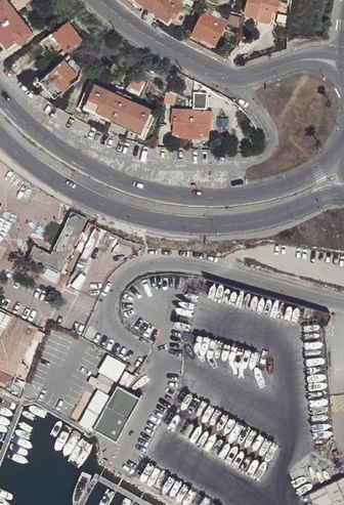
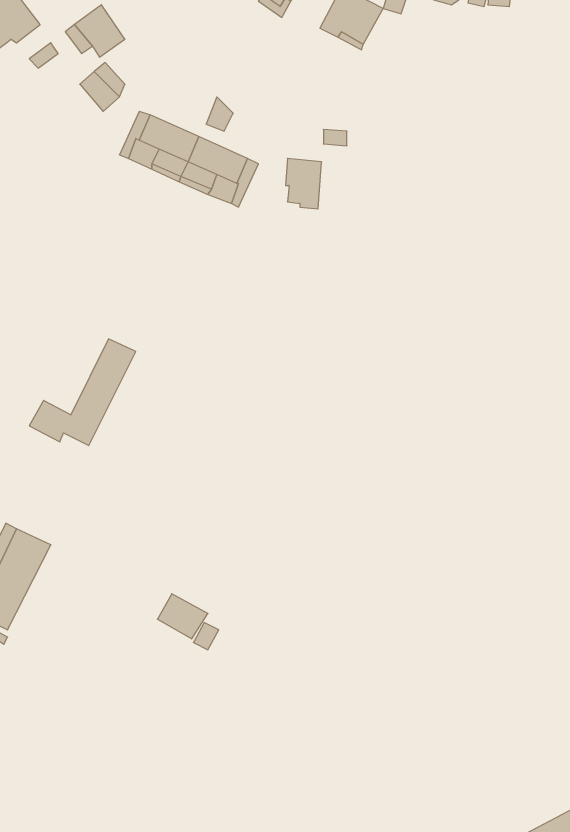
building: [39,67,71,97] -> none
building: [189,111,211,138] -> none
building: [92,384,139,440] -> none

